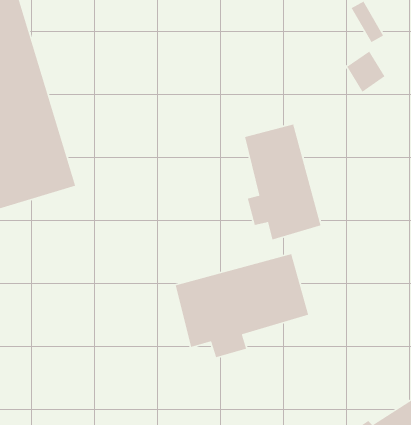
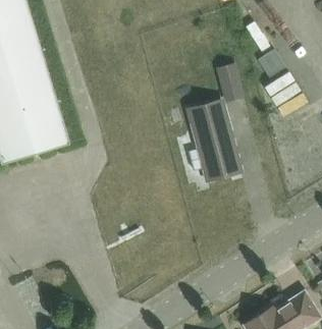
building: none -> [218,63,244,101]
building: [175,253,309,358] -> none

